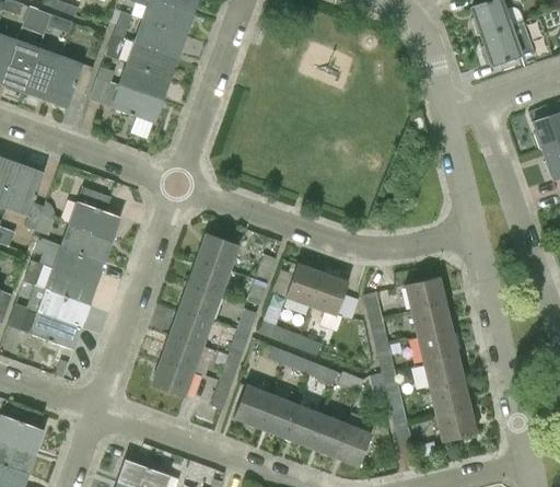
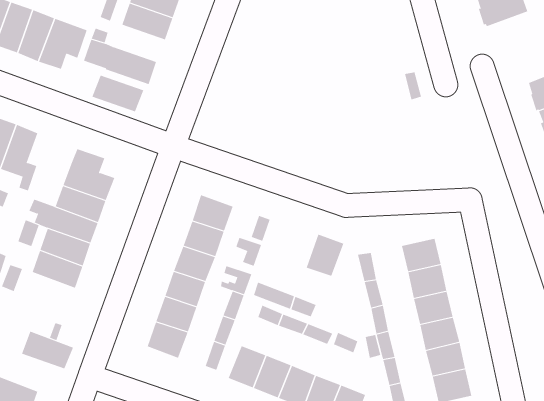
building: [118,63,171,101] -> [92,75,144,112]
building: [285,264,323,306] -> none
building: [28,311,81,349] -> [21,331,74,369]

